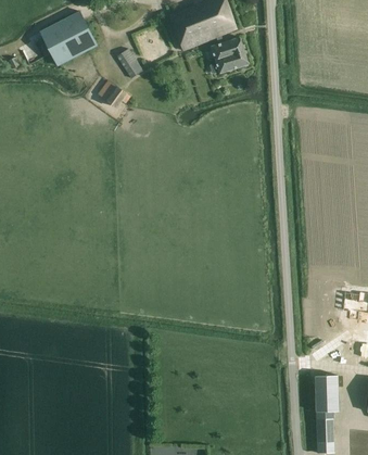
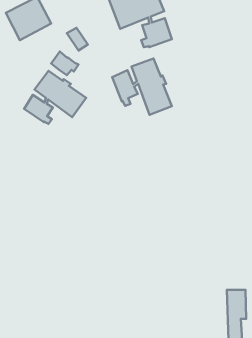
building: none -> [112,59,172,115]
building: none -> [24,71,86,124]

